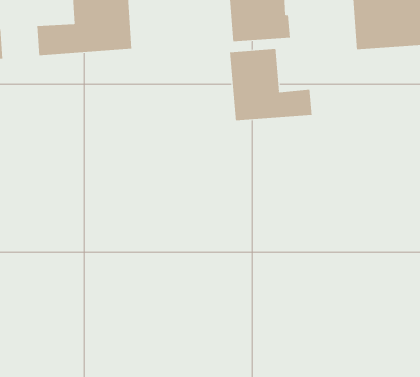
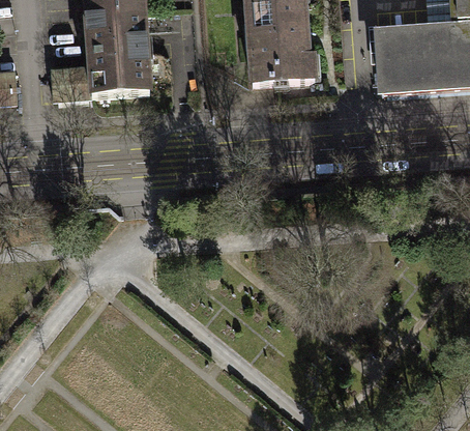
building: [229,48,312,121] -> none

